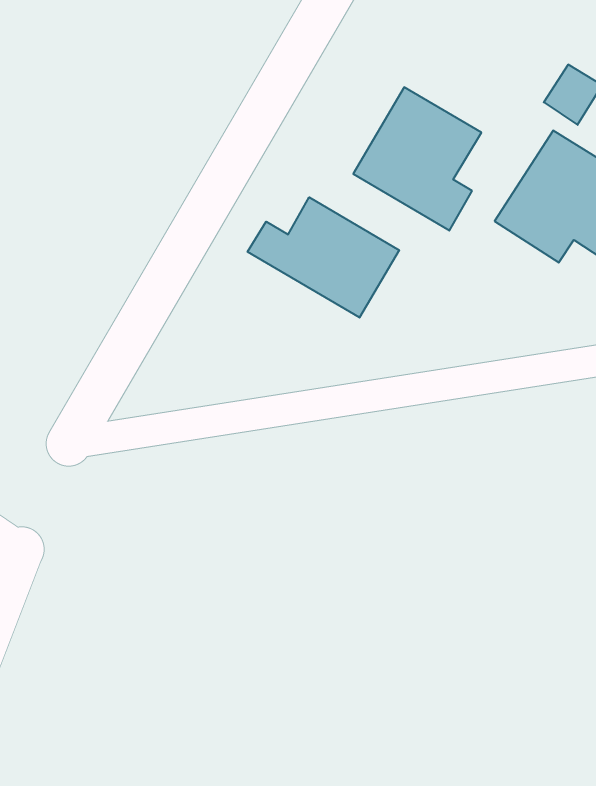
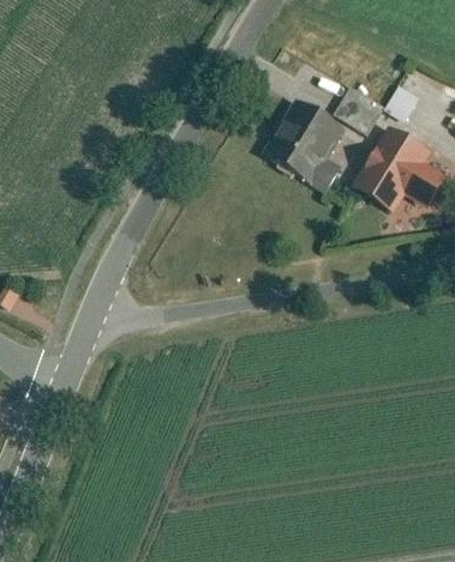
building: none -> [335,85,383,132]
building: [248,197,399,318] -> none

